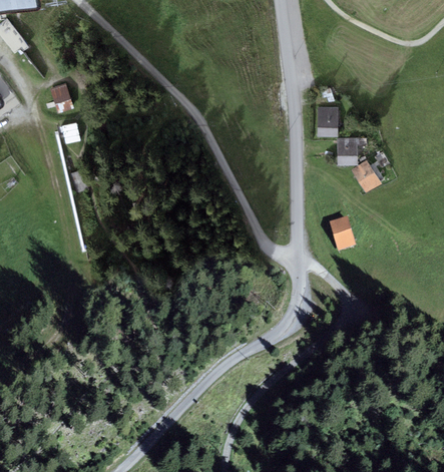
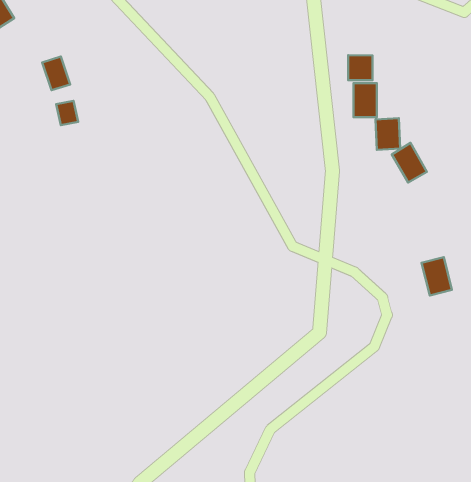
building: none -> [348,55,373,80]
building: [330,217,356,251] -> [422,257,452,296]

